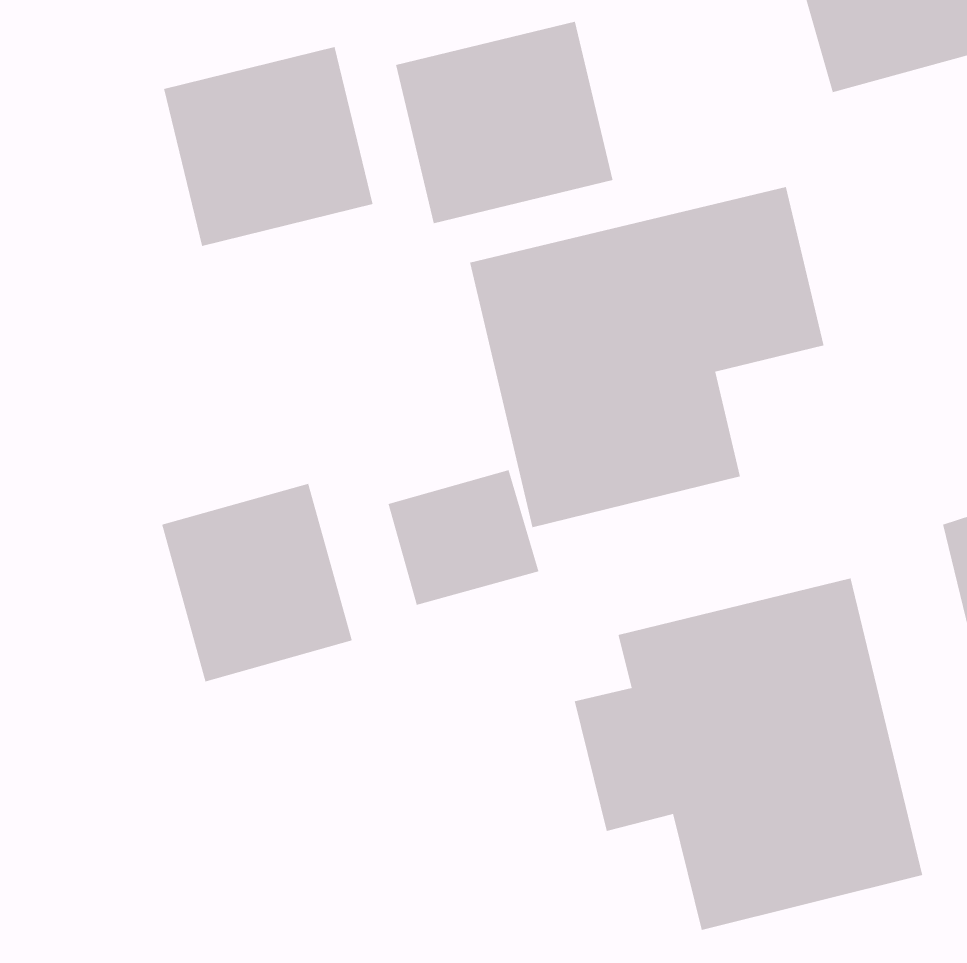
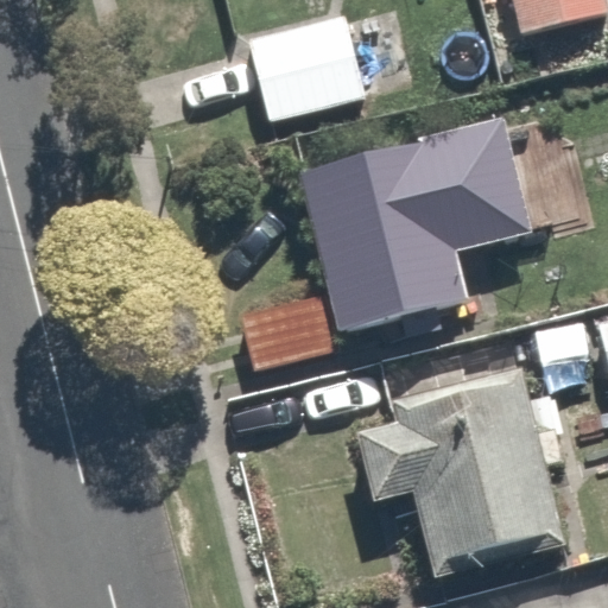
building: [163,46,373,247] -> none
building: [161,483,353,682] -> none

